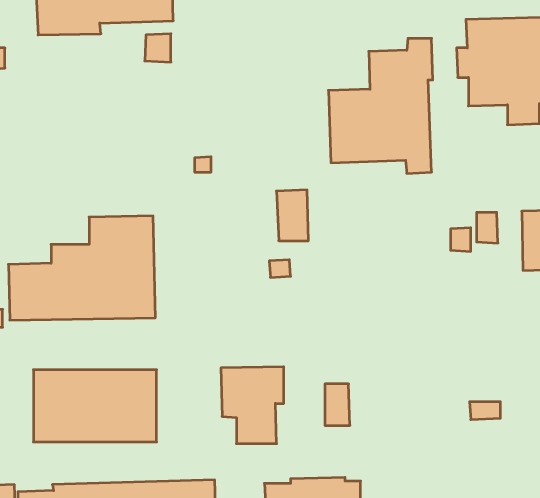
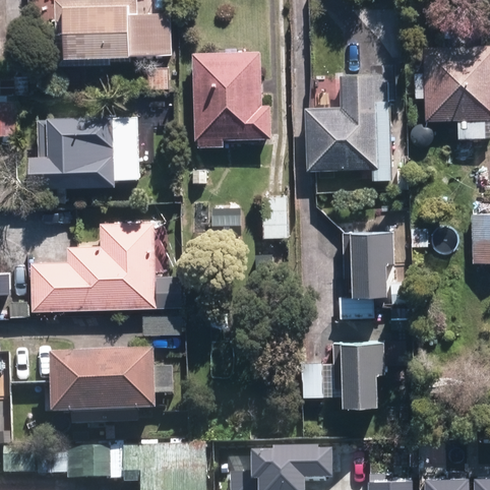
building: none -> [191,48,271,138]
building: none -> [30,113,139,184]
building: none -> [338,236,409,321]
building: [221,367,284,444] -> [331,346,385,412]

